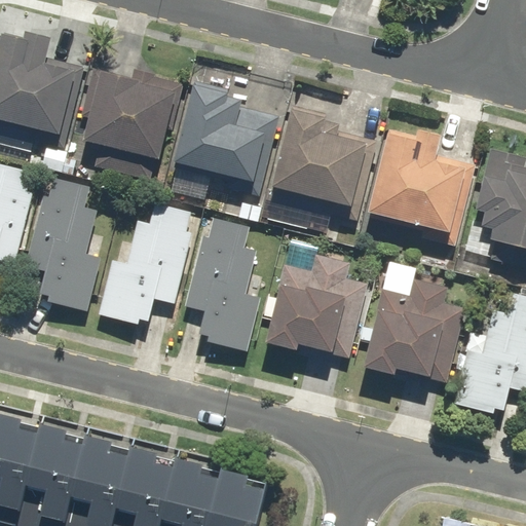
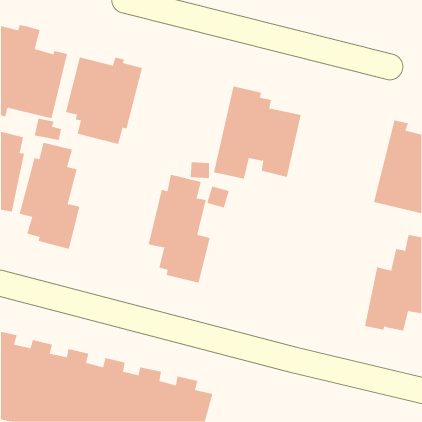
building: [172,81,279,199] -> none
building: [367,127,476,246] -> none
building: [99,203,191,324] -> none
building: [264,246,366,351] -> none
building: [359,271,464,376] -> none

